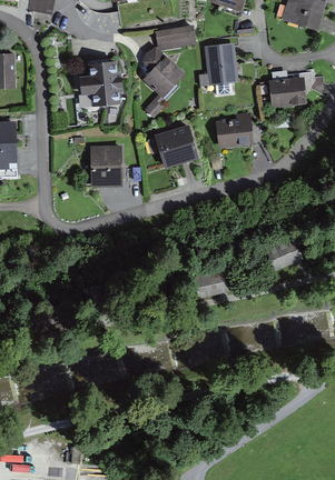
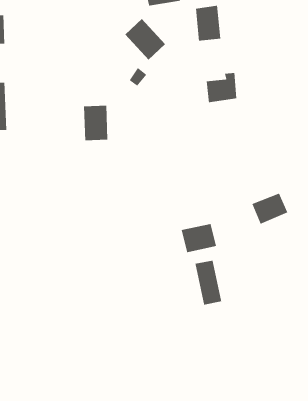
building: [71,69,116,117] -> none
building: [272,78,305,103] -> none
building: [158,127,196,162] -> none
building: none -> [195,260,222,305]

